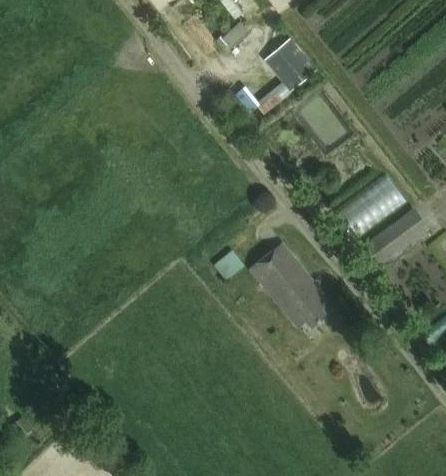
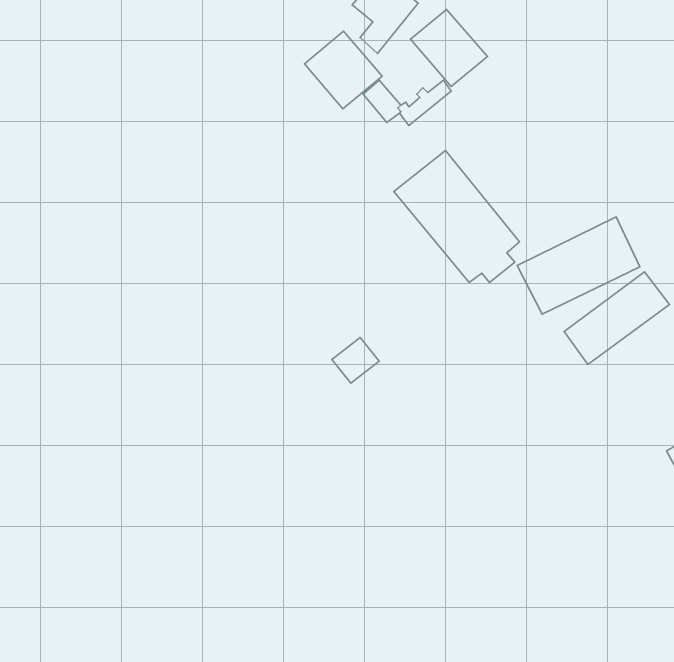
building: none -> [304,31,382,109]
building: [249,243,329,327] -> [394,151,519,283]

